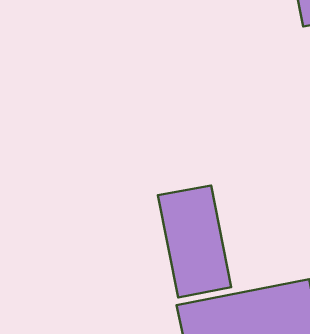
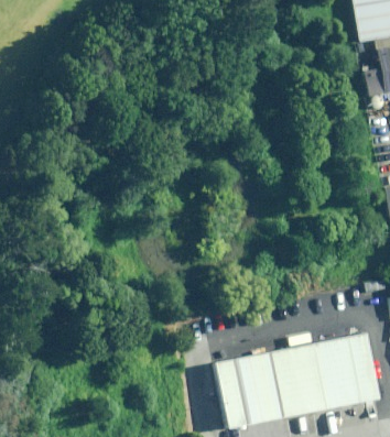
building: [158,186,231,298] -> none

